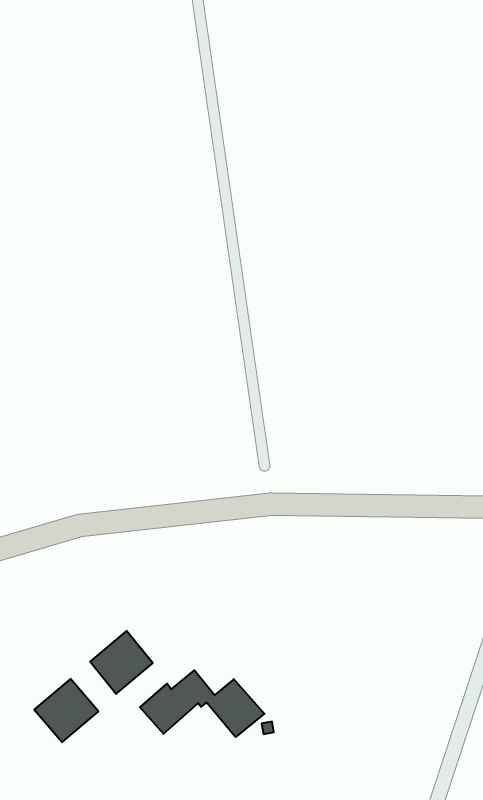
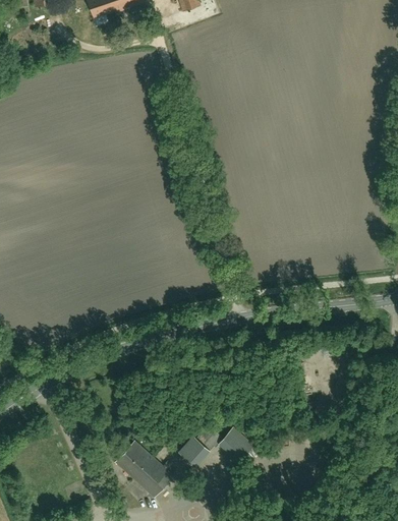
building: [90,631,153,694] -> [135,459,173,498]

